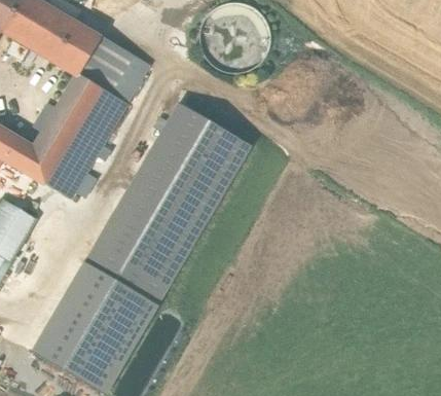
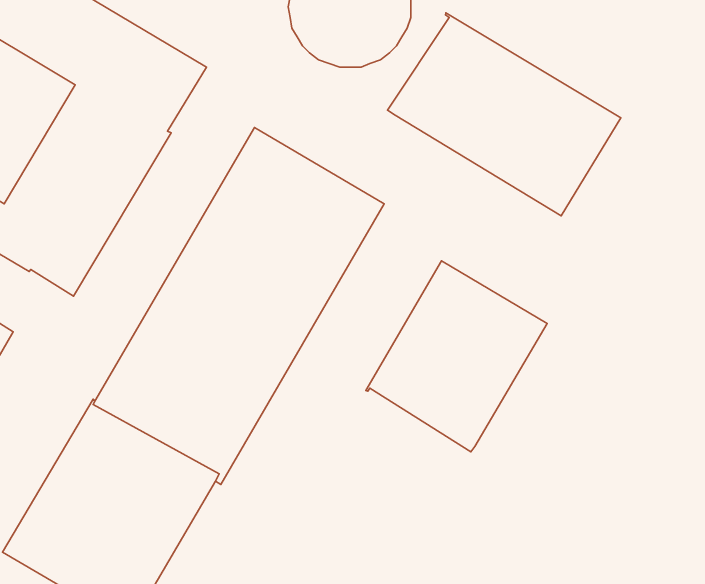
building: none -> [388,13,621,216]
building: none -> [366,261,547,452]

